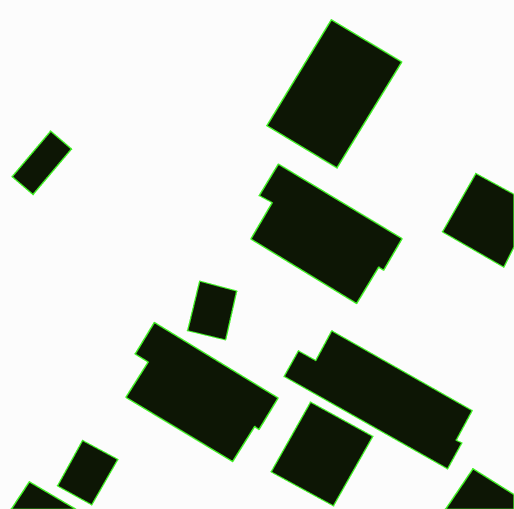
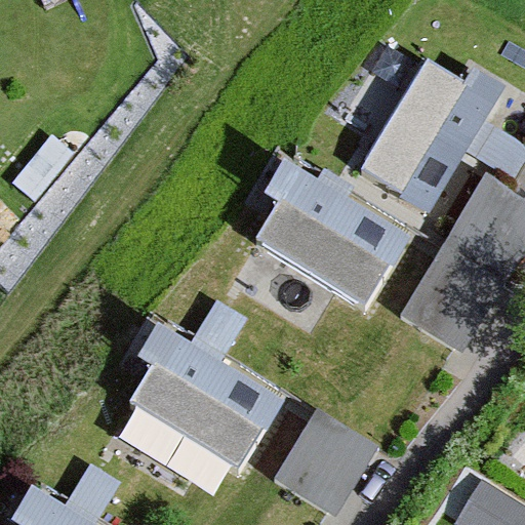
building: [267,20,402,168] -> [361,65,498,215]
building: none -> [402,246,502,351]
building: [284,331,472,469] -> none

